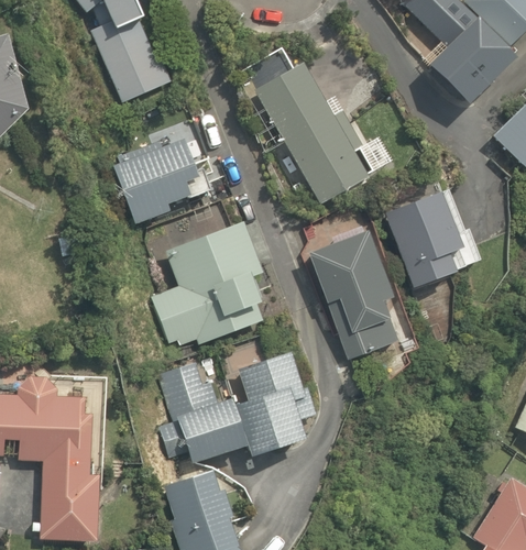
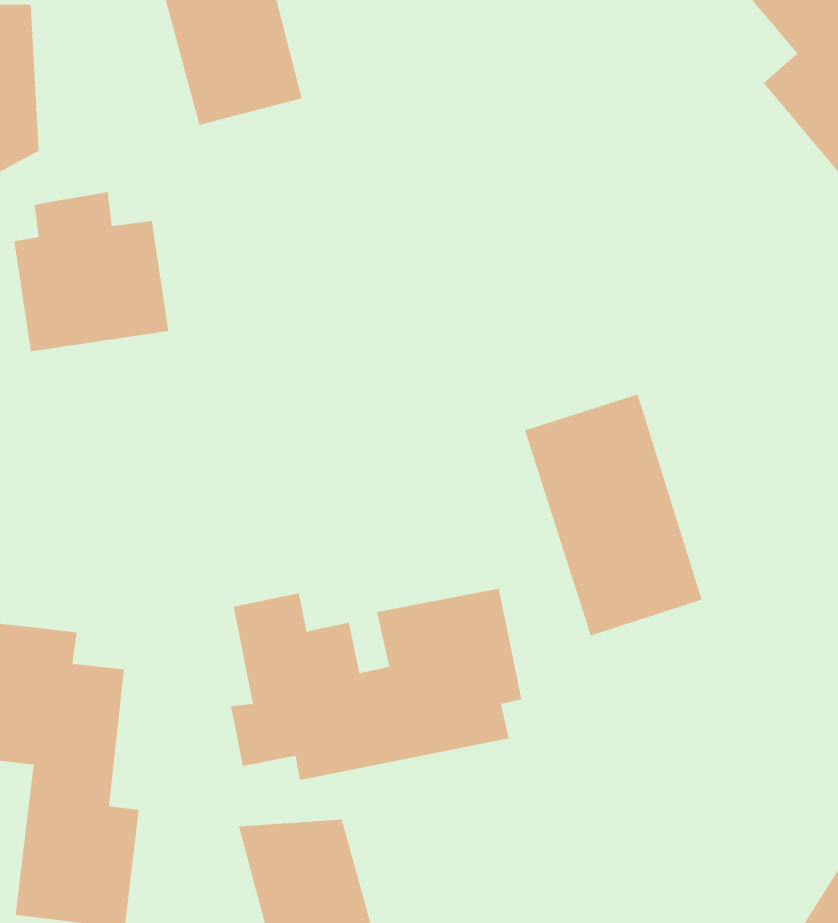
building: [264,69,371,208] -> none
building: [112,131,201,222] -> [14,192,169,352]
building: [383,190,471,285] -> none
building: [150,228,262,334] -> none

